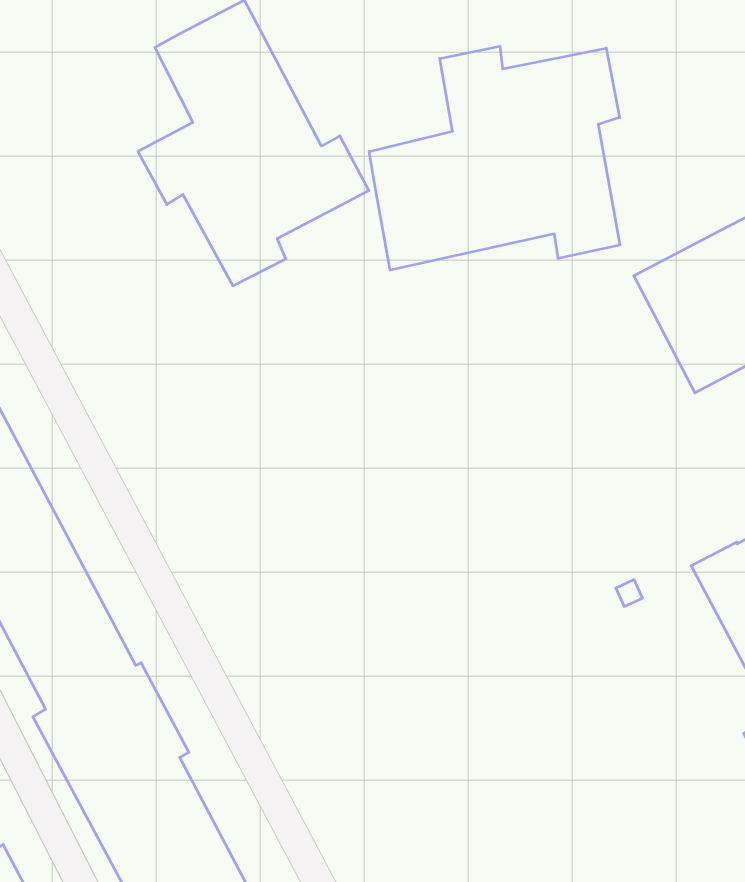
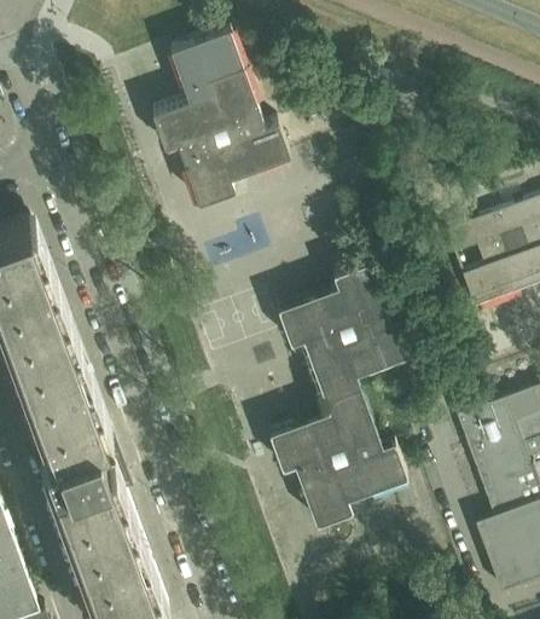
building: [369,46,620,270] -> none
building: none -> [268,265,416,528]

